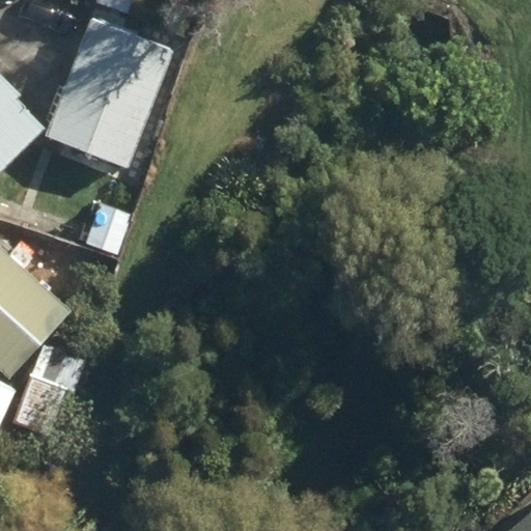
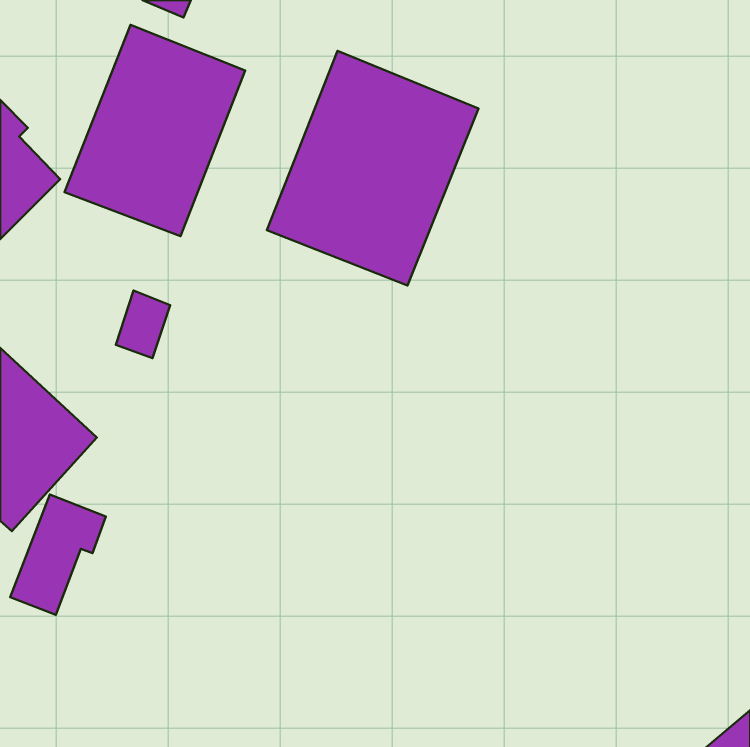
building: none -> [267,51,479,285]

